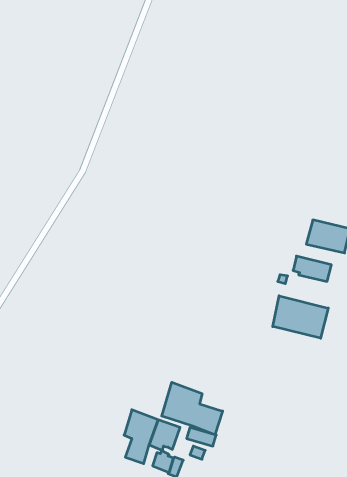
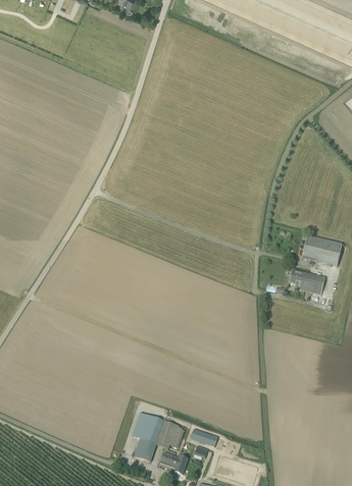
building: [273,296,328,338] -> none
building: [162,382,223,435] -> none

